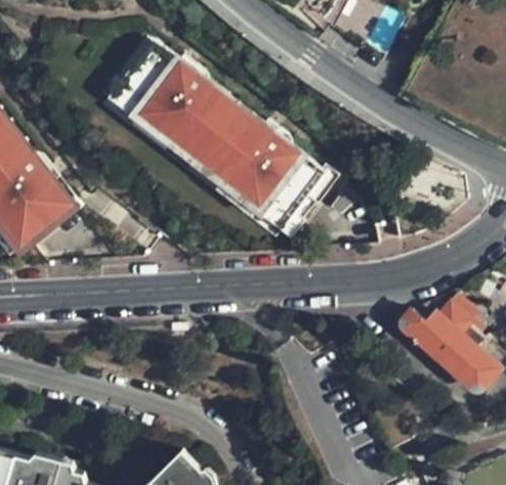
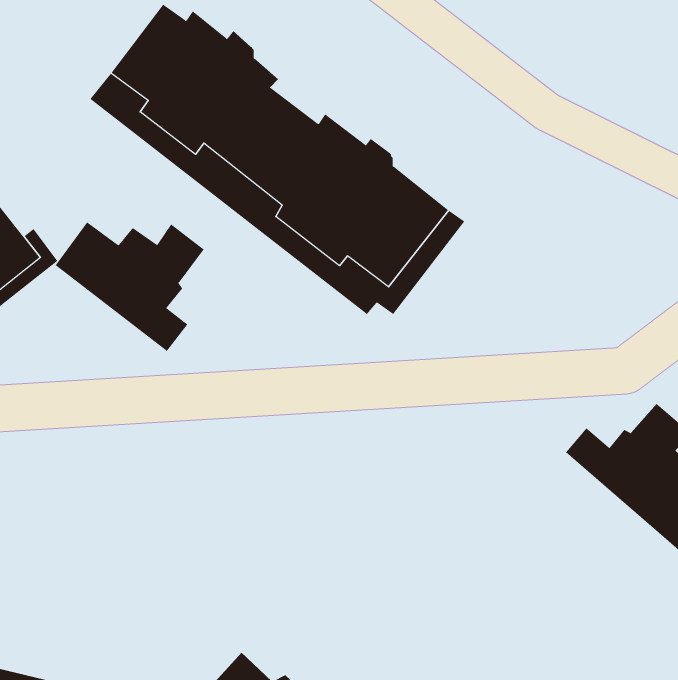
building: none -> [55,221,204,352]

